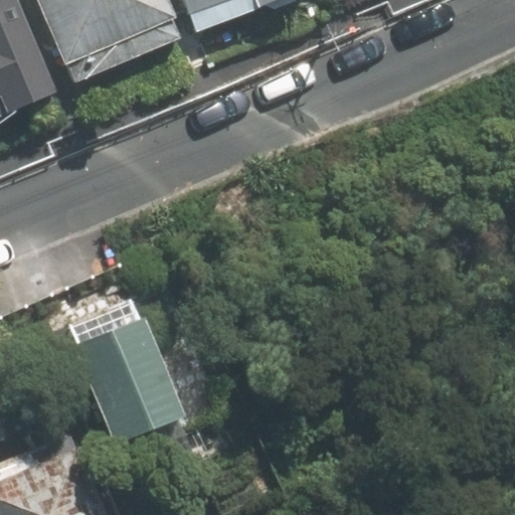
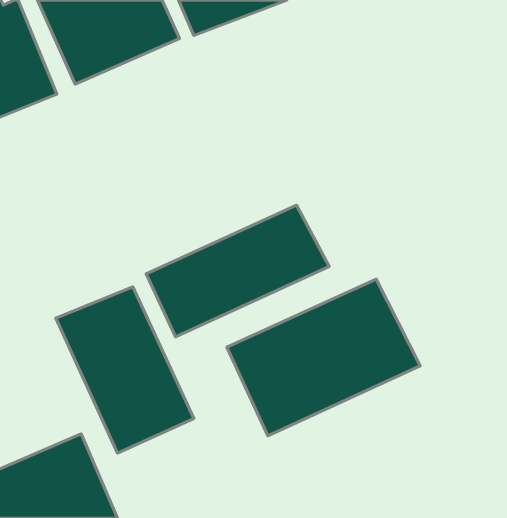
building: none -> [146,205,329,337]
building: none -> [227,279,420,436]

